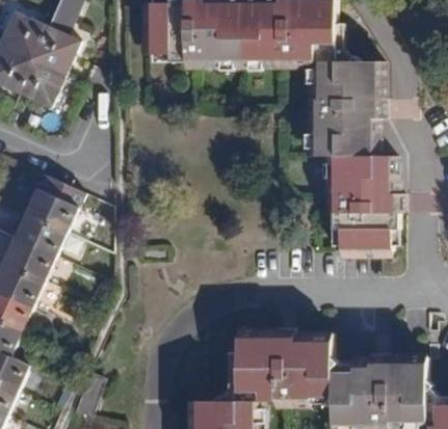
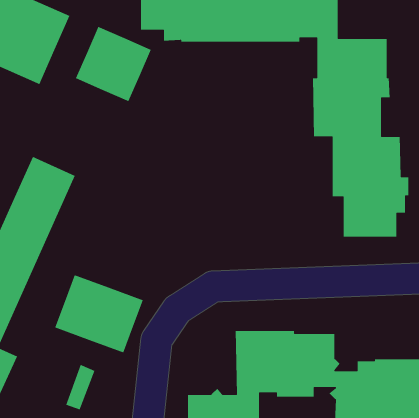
building: none -> [75,26,152,102]
building: none -> [54,274,144,354]

